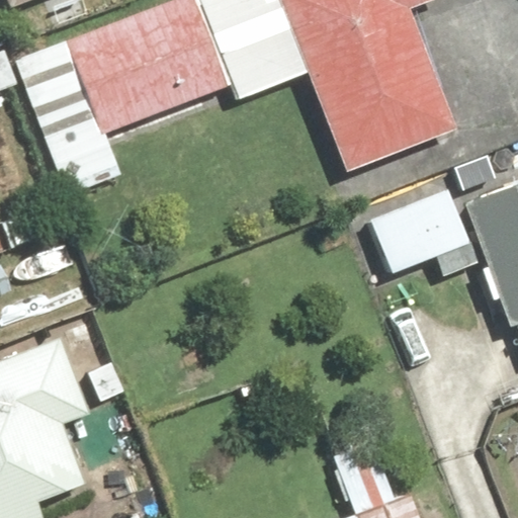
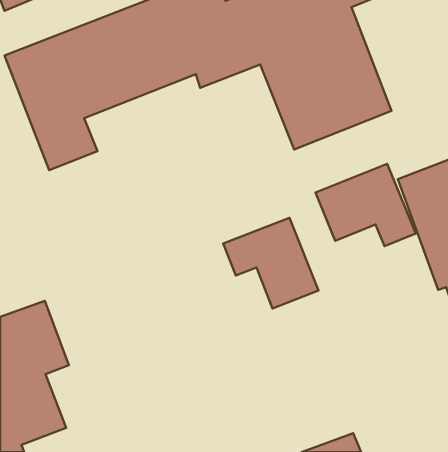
building: none -> [223,218,318,308]

